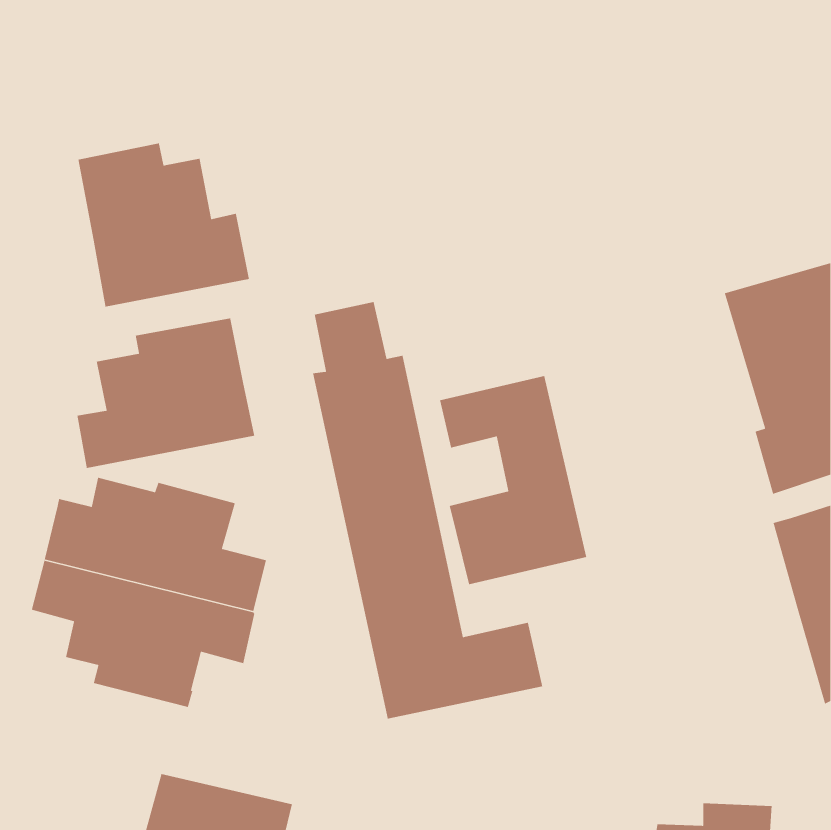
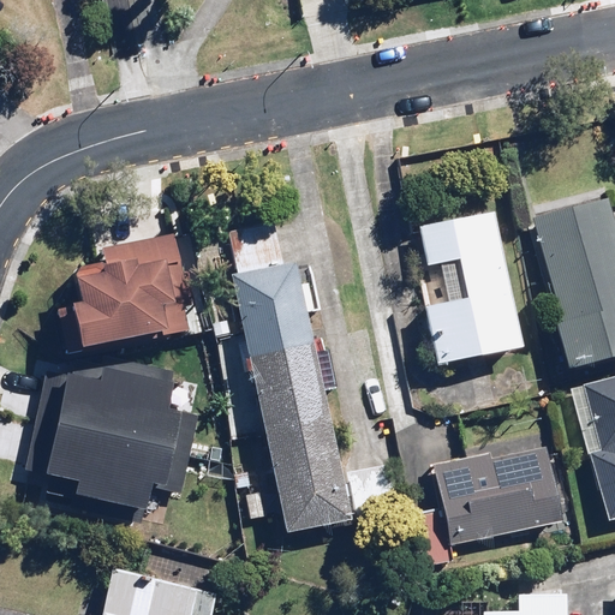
building: [78,143,250,307] -> none
building: [439,375,587,585] -> [419,210,529,365]
building: none -> [432,442,565,545]

